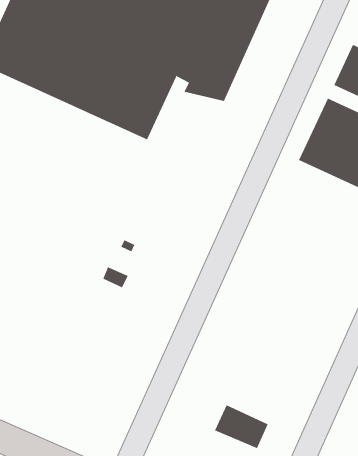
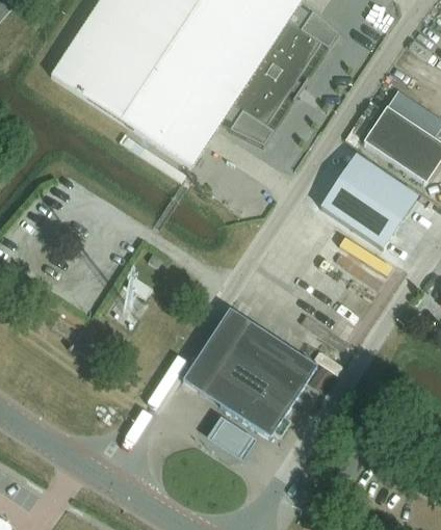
building: none -> [182,307,317,435]

